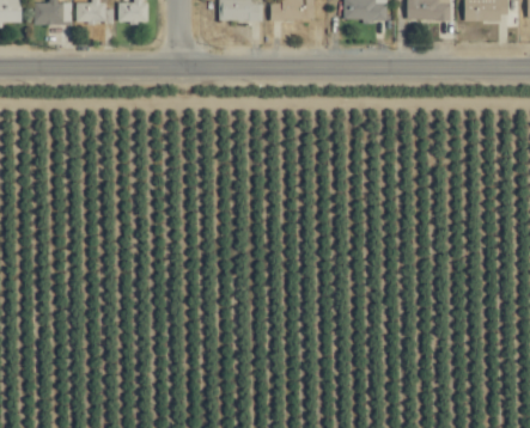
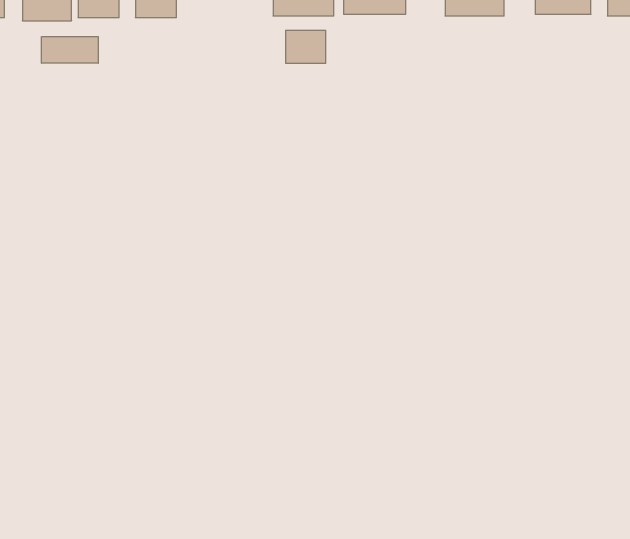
building: none -> [286,30,326,63]
building: none -> [42,37,98,63]

